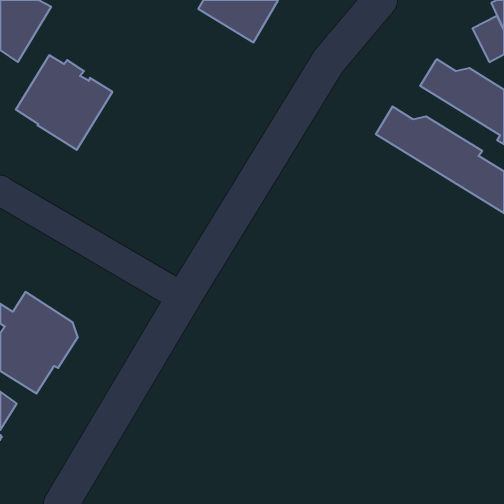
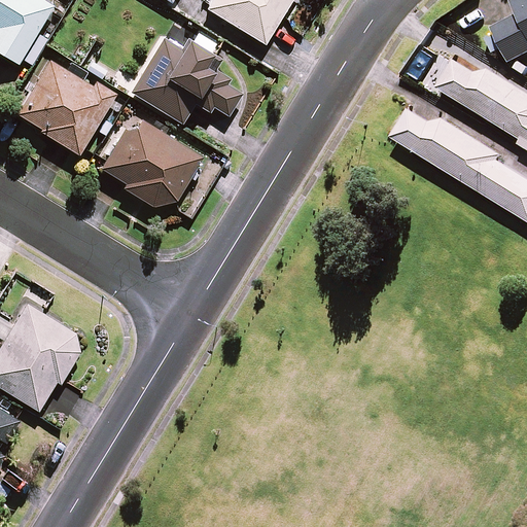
building: none -> [131,31,241,122]
building: none -> [100,115,201,207]

